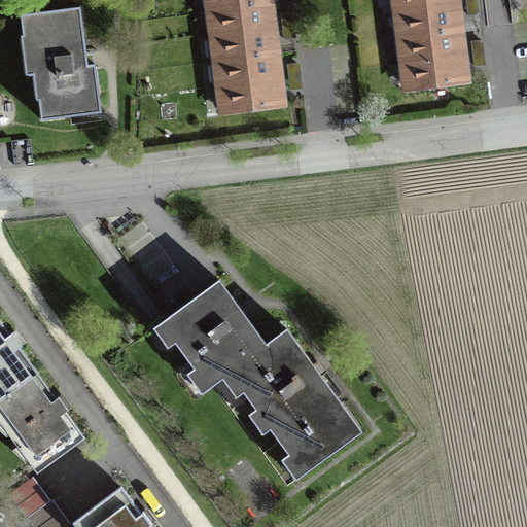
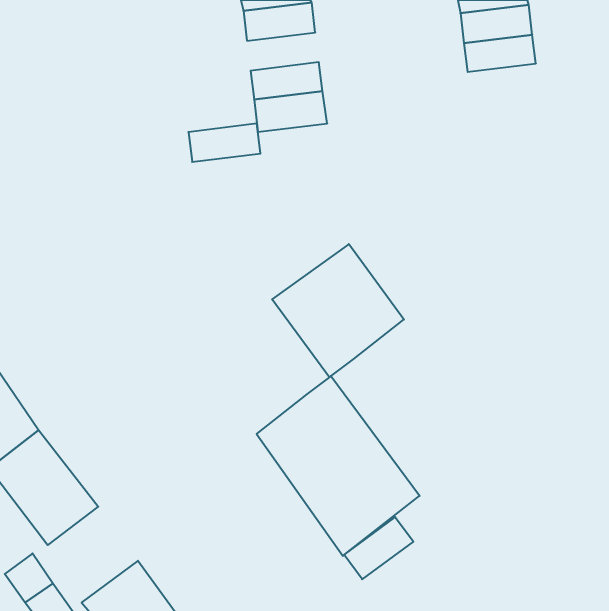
building: [17,12,105,121] -> none
building: [212,29,274,62] -> [188,124,260,162]
building: [401,56,463,91] -> none
building: [150,275,264,389] -> [272,244,404,377]
building: none -> [344,517,413,579]

